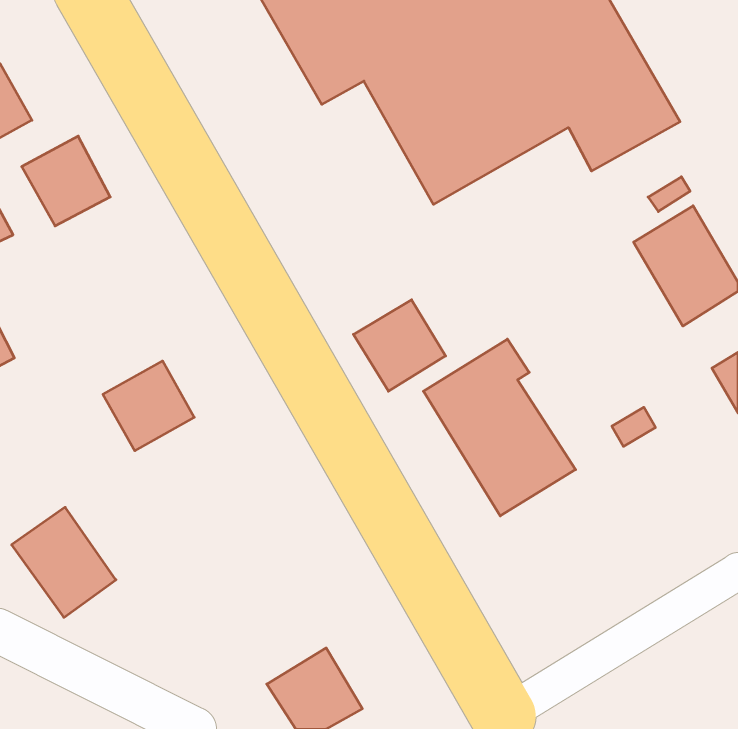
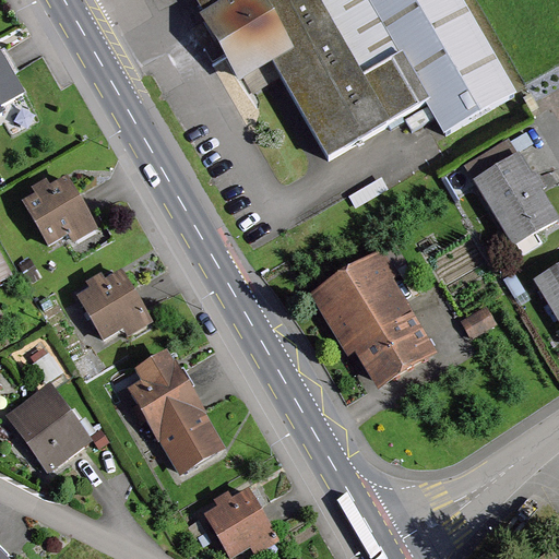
building: [22,136,110,226] -> [21,175,87,242]
building: [353,300,446,391] -> none
building: none -> [130,346,224,474]

